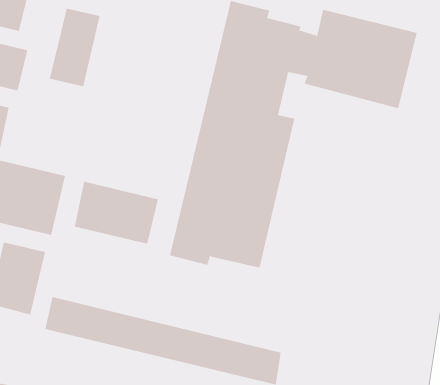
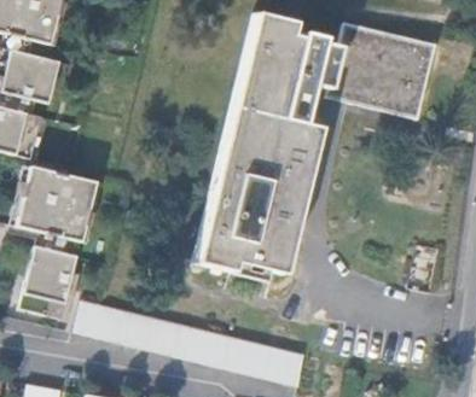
building: [49,8,100,87] -> none
building: [74,181,159,244] -> none

